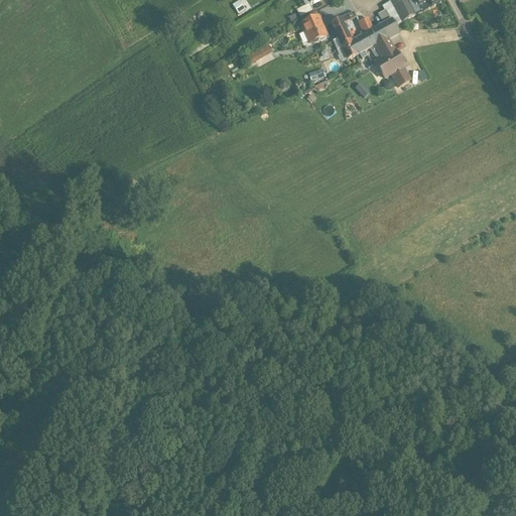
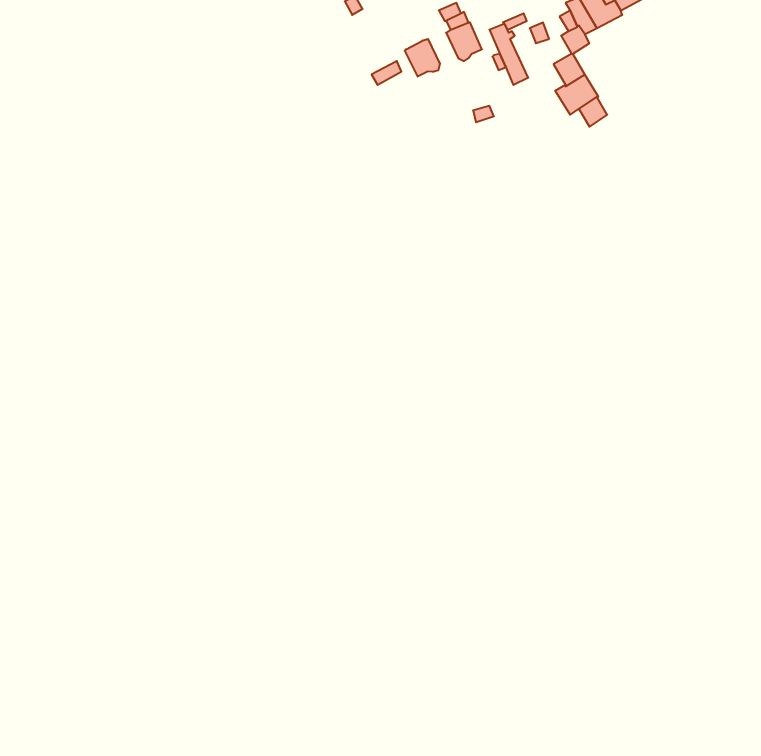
building: [352,24,387,52] -> none
building: none -> [405,39,440,77]

